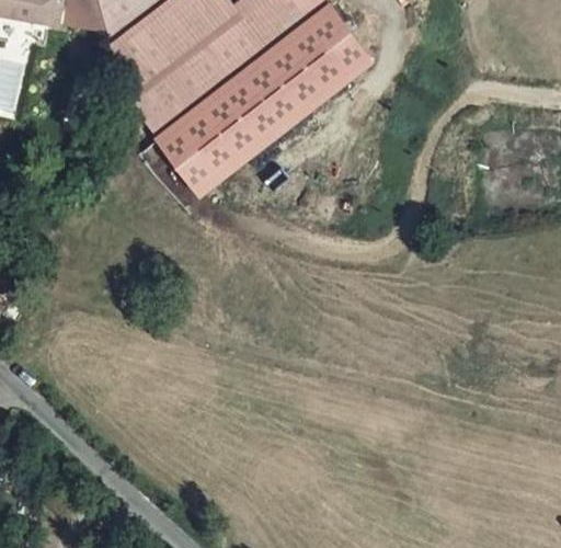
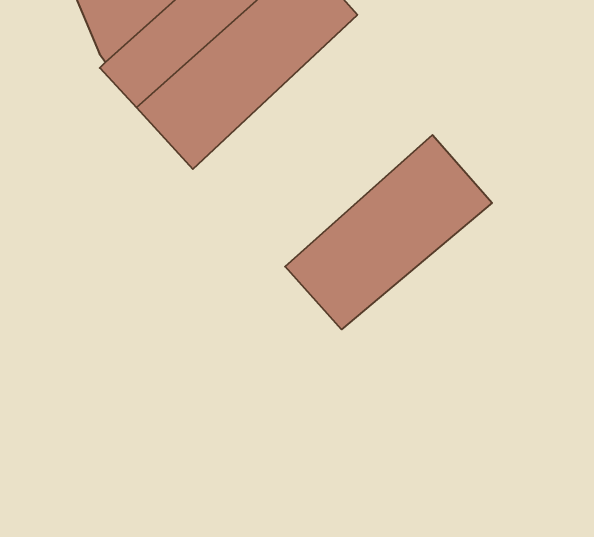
building: none -> [285,135,492,329]

